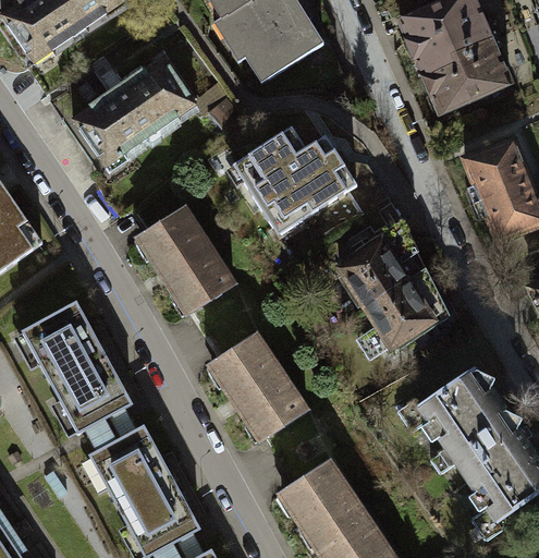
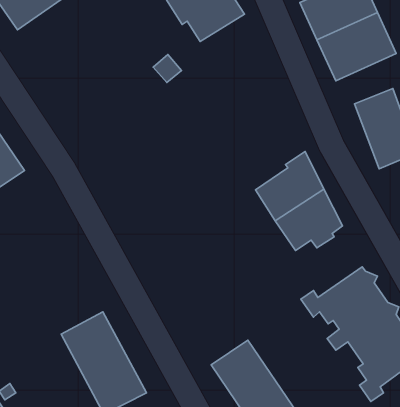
building: [71,57,194,171] -> none
building: [225,132,355,228] -> none
building: [138,207,233,312] -> none
building: [20,301,133,435] -> none
building: [212,333,306,437] -> none

